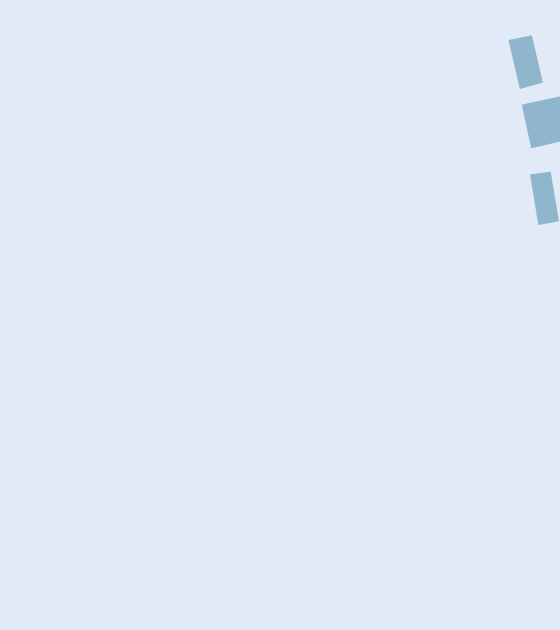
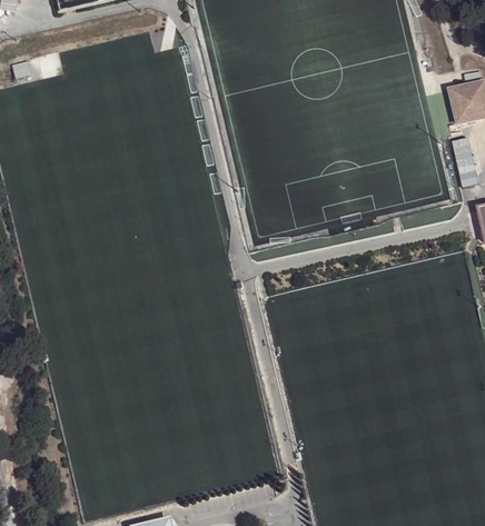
building: [508,34,544,90] -> none

